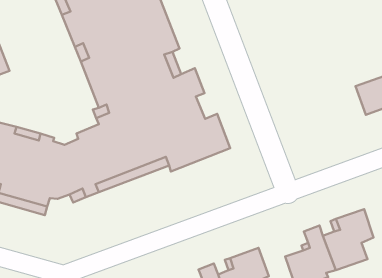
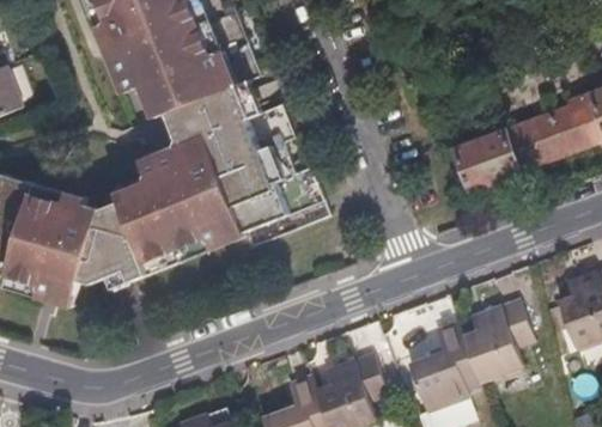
building: none -> [455,128,522,189]

